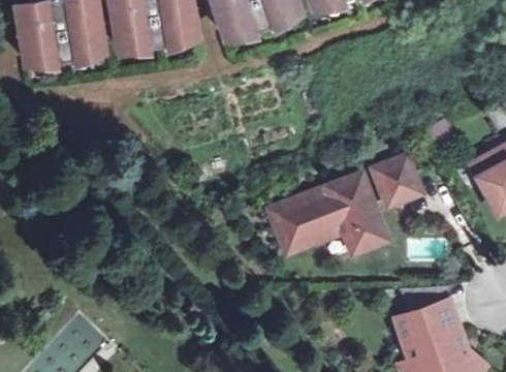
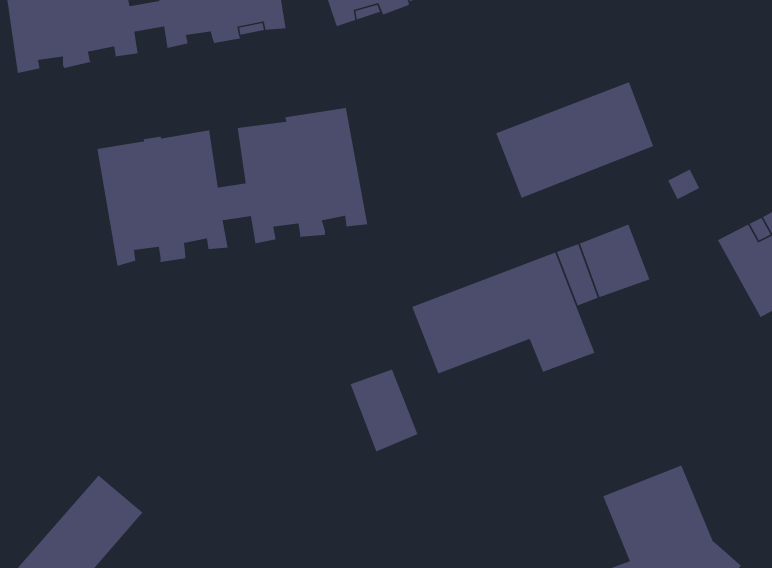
building: none -> [495,81,654,199]
building: none -> [97,107,368,267]
building: none -> [350,368,419,452]

